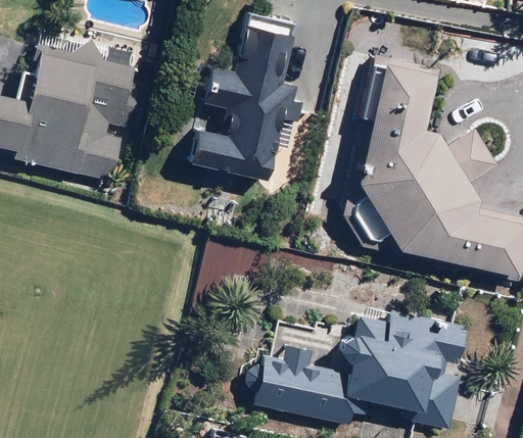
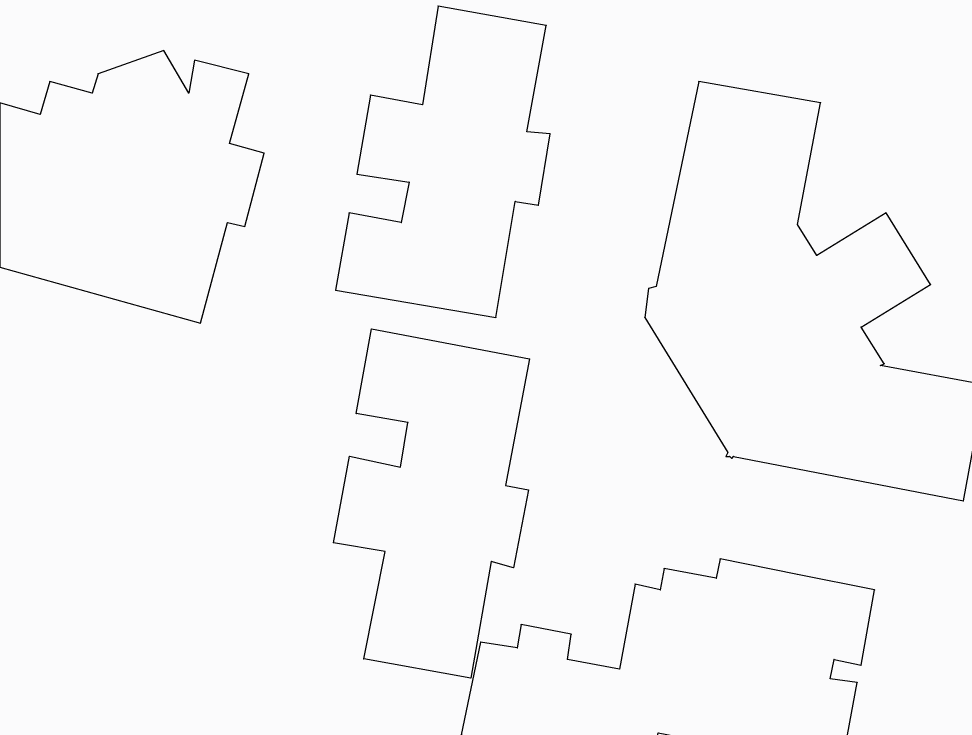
building: none -> [333,329,530,678]

